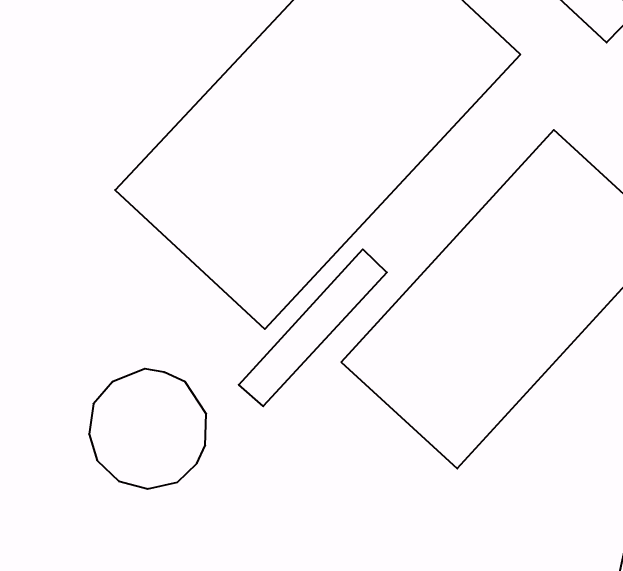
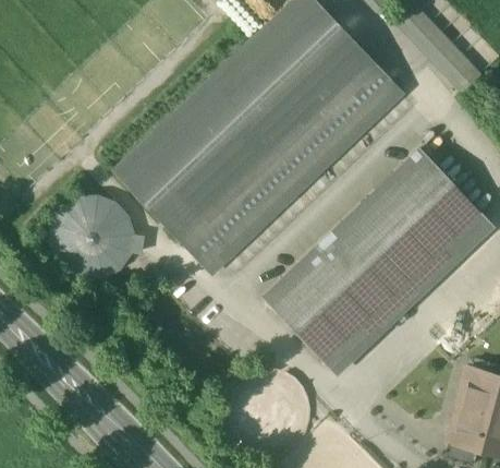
building: [239,249,387,406] -> none
building: [89,369,206,489] -> [51,197,133,280]

